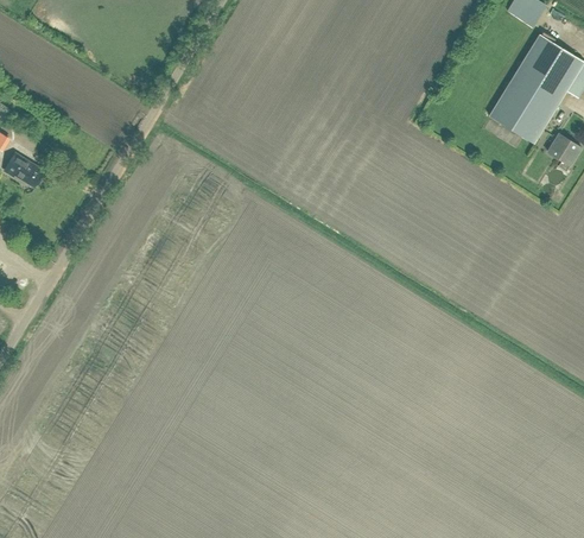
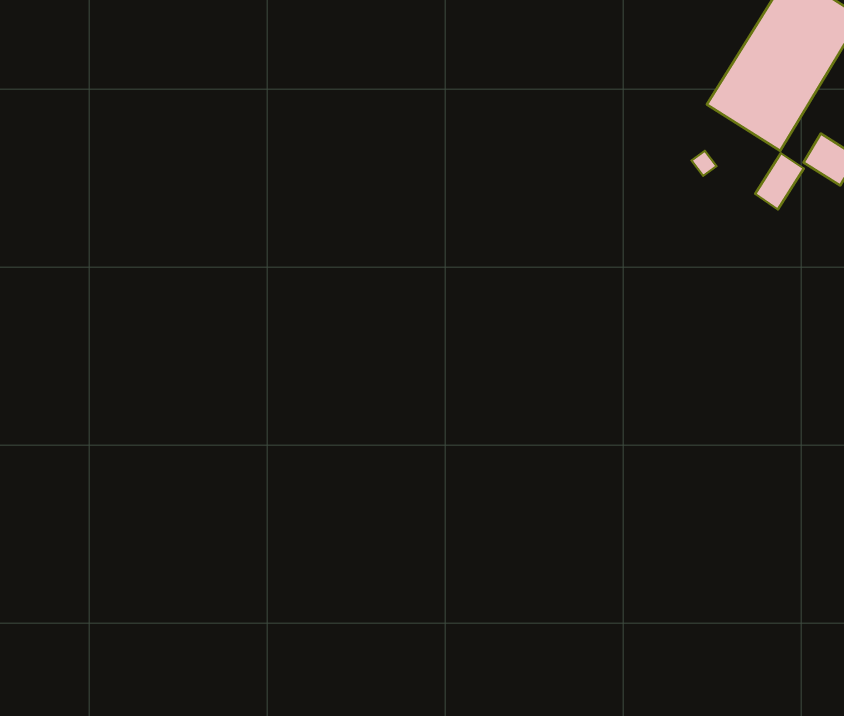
building: none -> [755,153,804,209]

